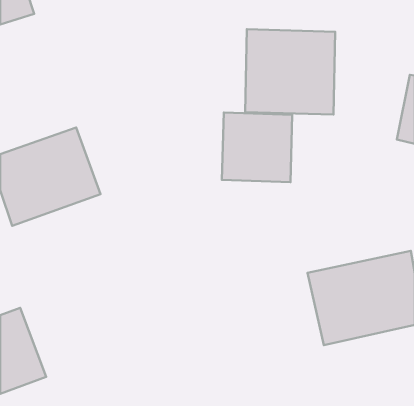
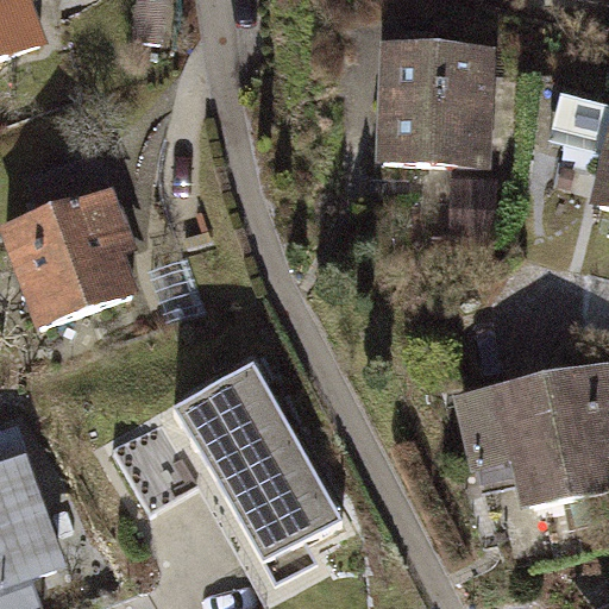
building: [222,112,292,182] -> none
building: none -> [139,357,349,567]

